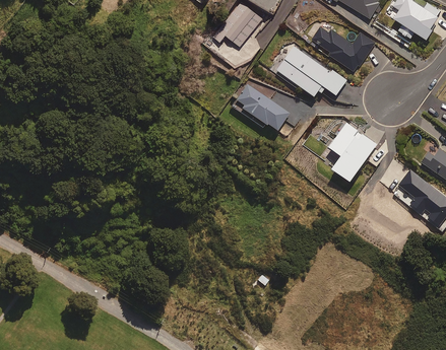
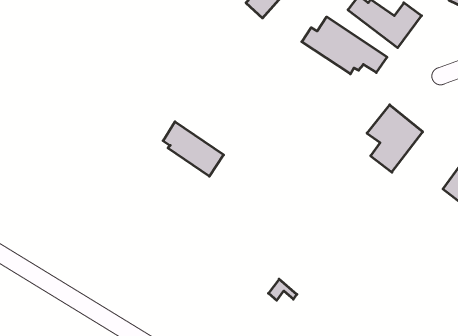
building: [236,84,288,131] -> [163,122,224,176]

